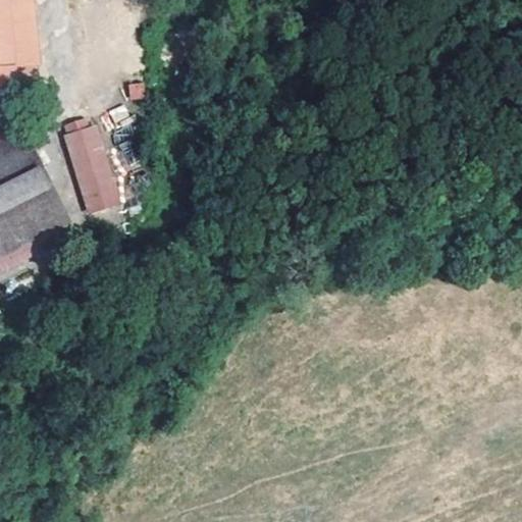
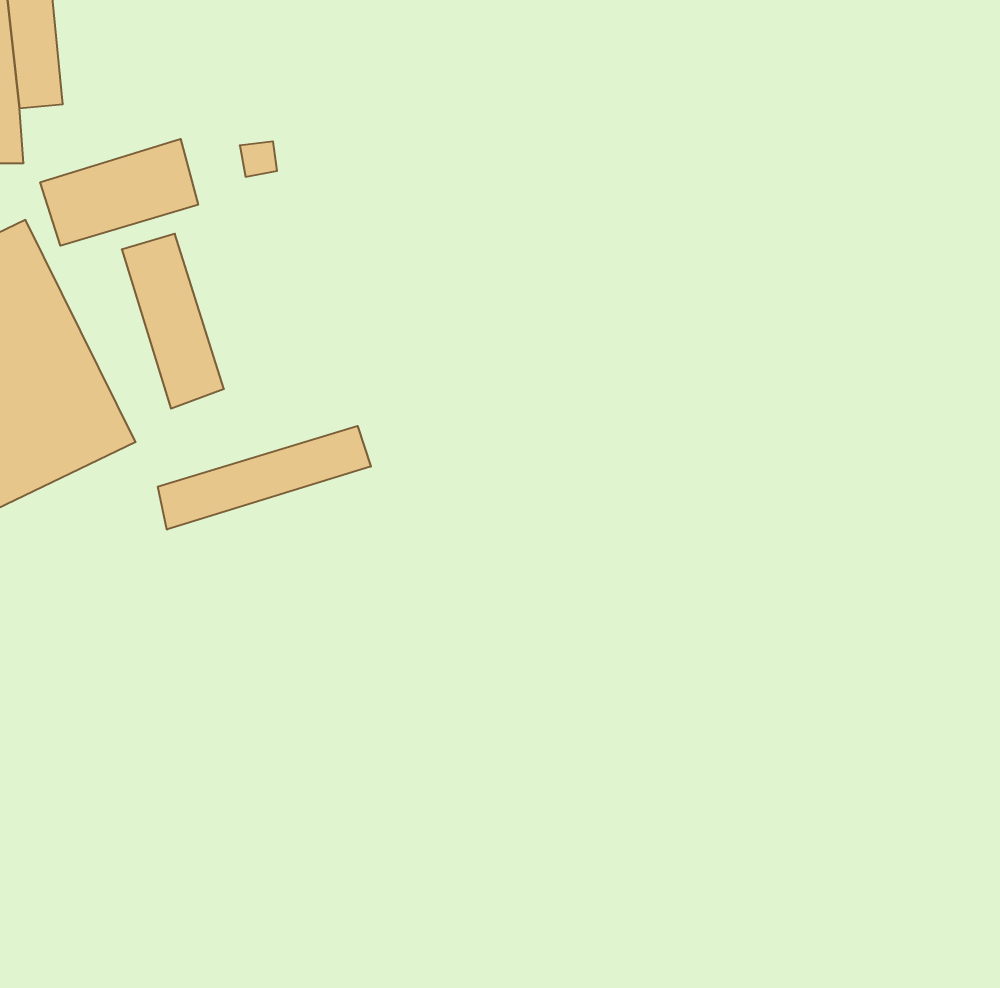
building: none -> [40,139,198,246]
building: none -> [158,426,371,530]

